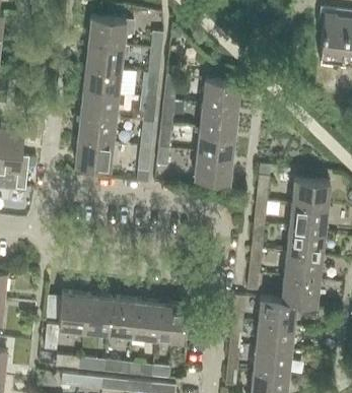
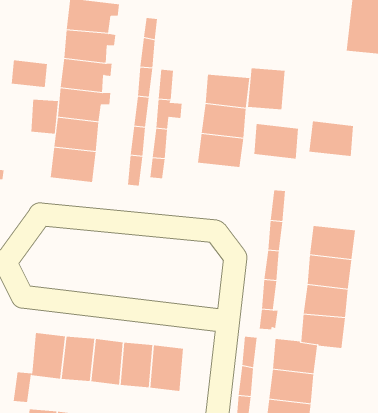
building: none -> [11,60,48,88]
building: none -> [248,68,285,110]
building: none -> [31,99,58,134]
building: [194,152,231,182] -> [253,124,299,159]
building: [291,179,329,208] -> [308,121,354,157]

